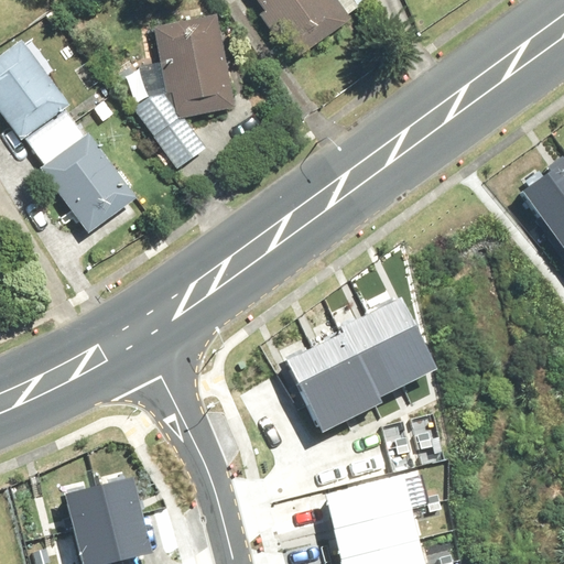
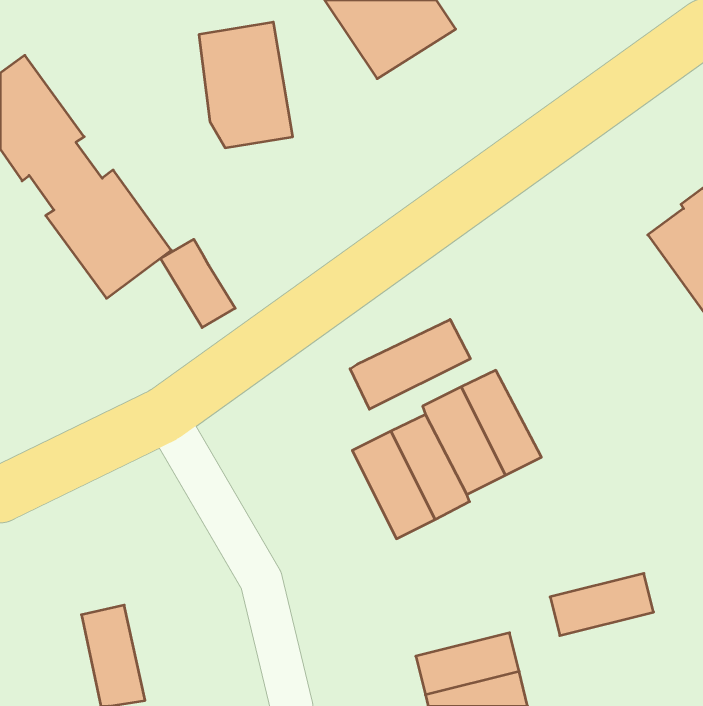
building: [143,97,203,167] -> [161,239,235,328]
building: none -> [350,319,470,409]
building: [326,474,409,523] -> [550,573,654,636]
building: [101,475,151,558] -> none

